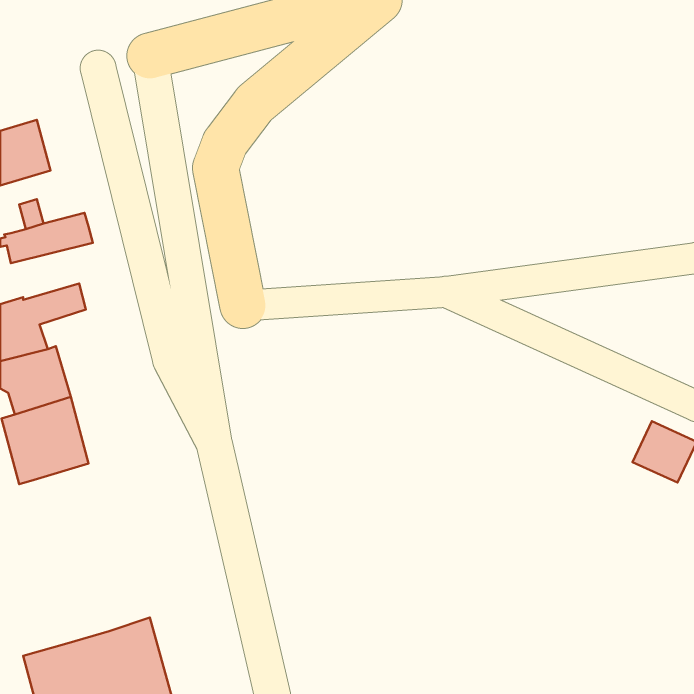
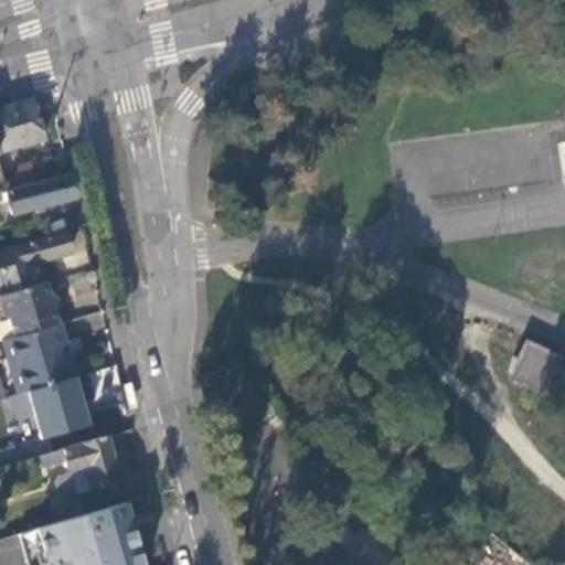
building: none -> [30,375,96,441]
building: none -> [50,435,119,523]

